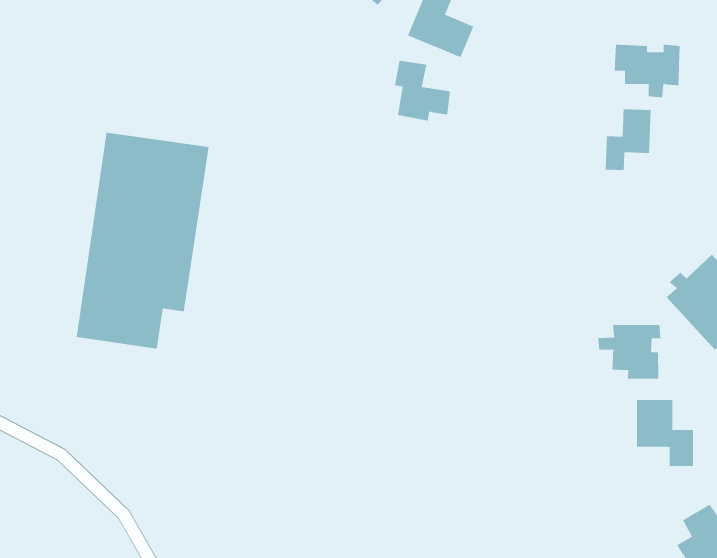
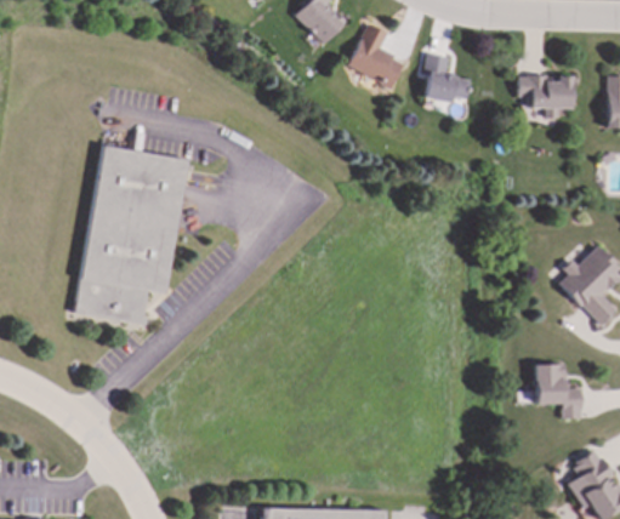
building: [394,60,451,121] -> [422,53,468,103]
building: [605,108,651,171] -> none
building: [598,324,661,379] -> none

